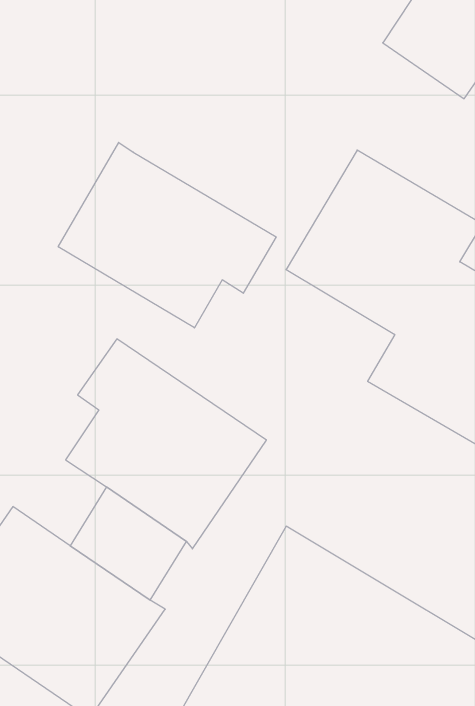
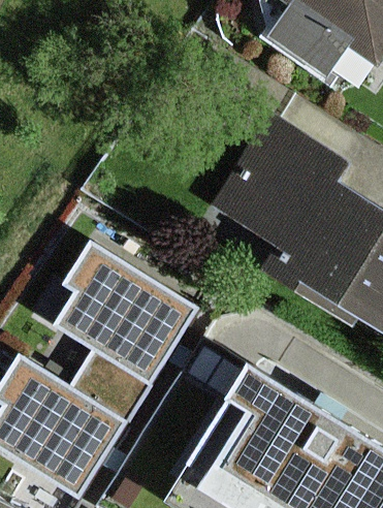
building: [58,142,276,328] -> none

